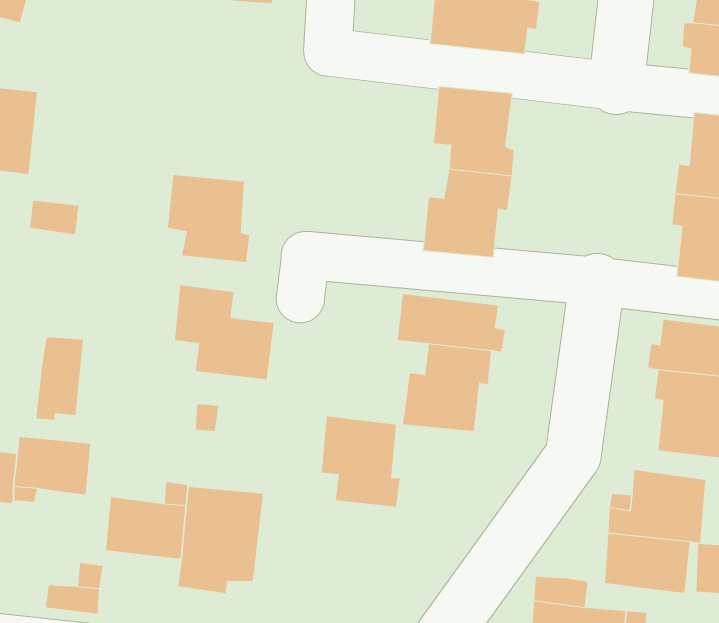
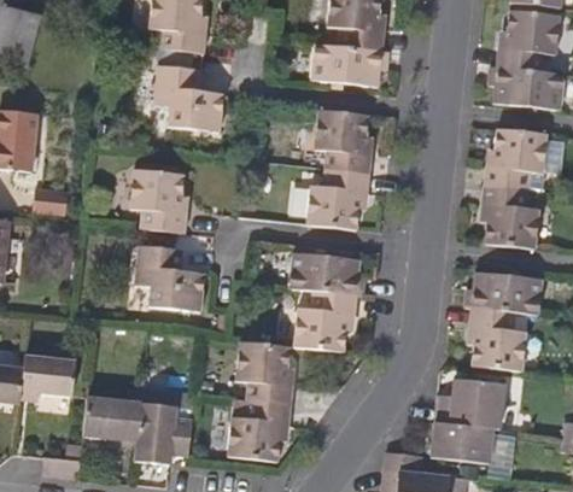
building: none -> [153,68,223,134]
building: [36,336,84,421] -> none
building: none -> [228,399,290,462]

